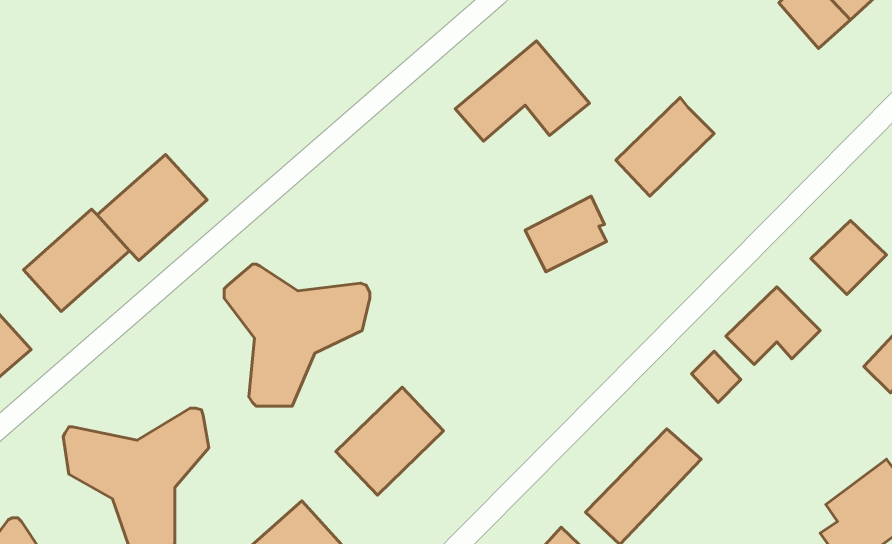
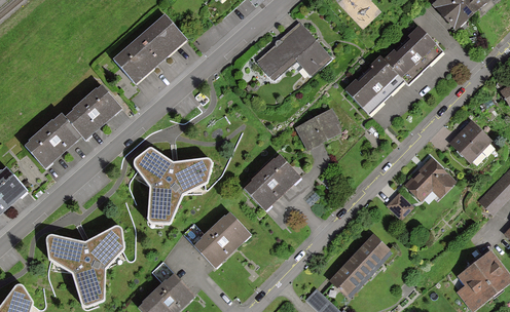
building: none -> [112,14,187,85]
building: none -> [385,26,439,78]
building: none -> [244,154,302,211]

